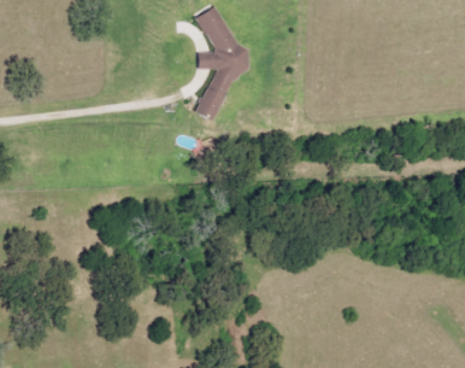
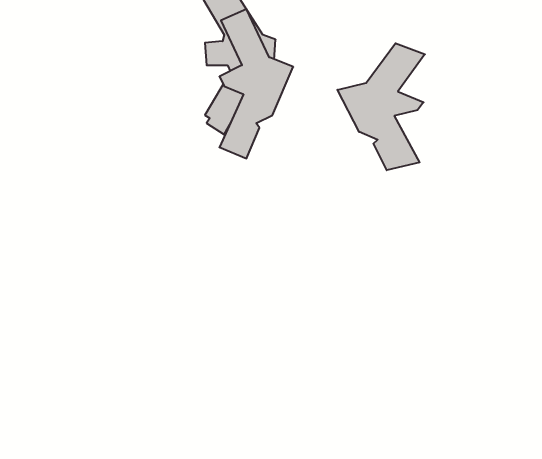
building: none -> [337,43,425,170]

